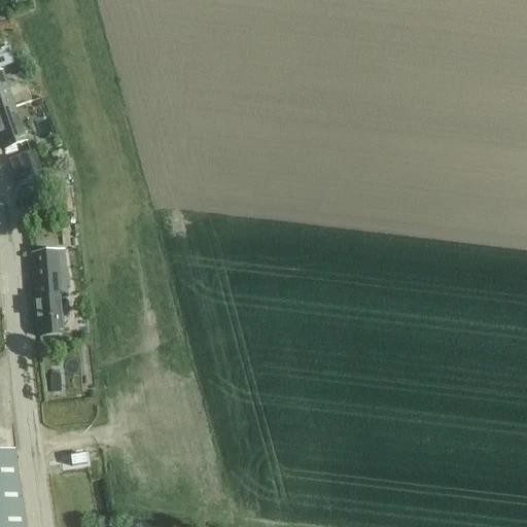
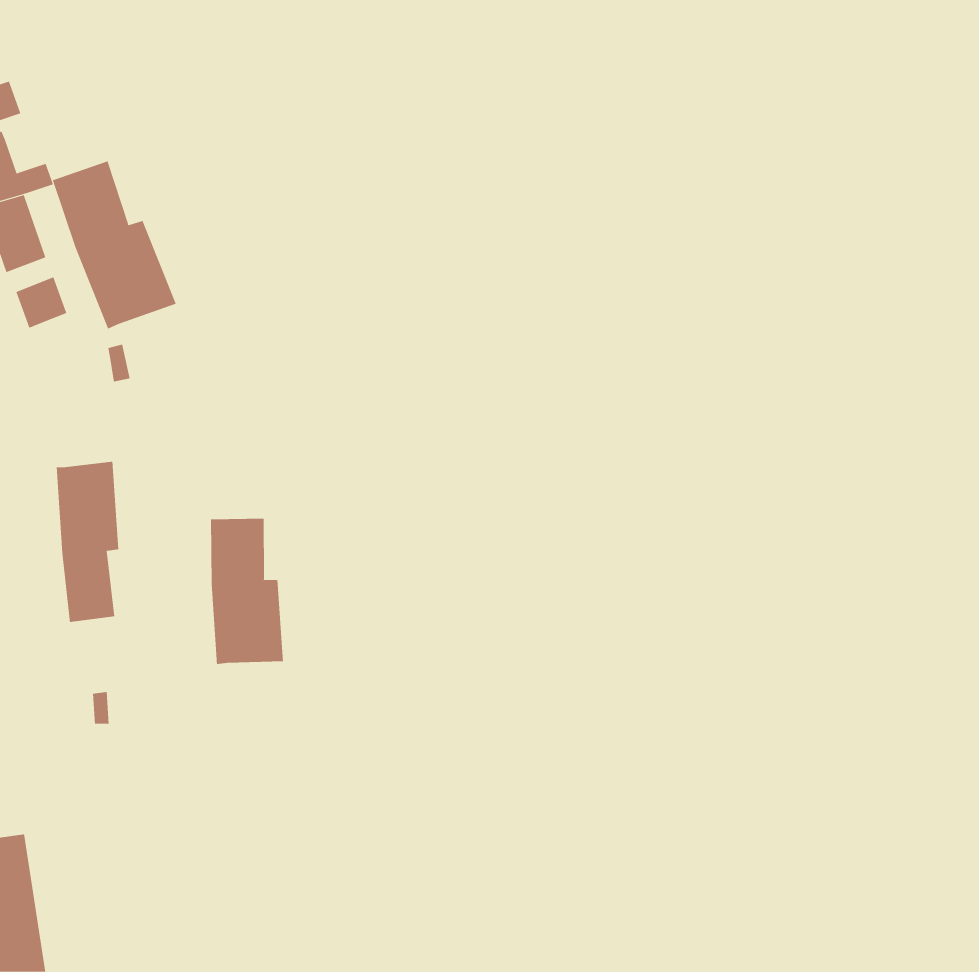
building: none -> [52,160,177,330]
building: none -> [210,518,283,665]

